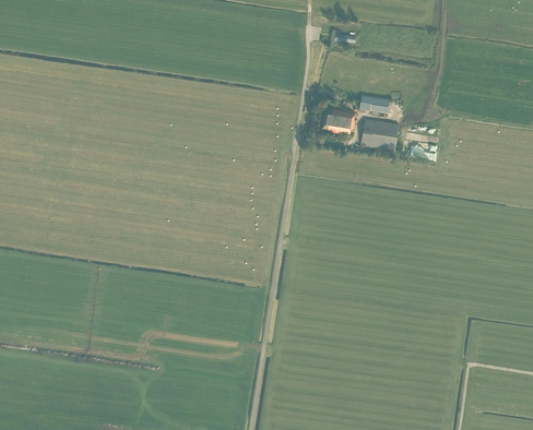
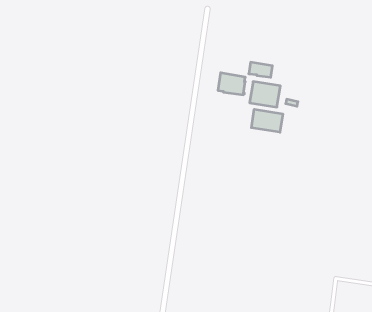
building: none -> [251,109,283,132]

